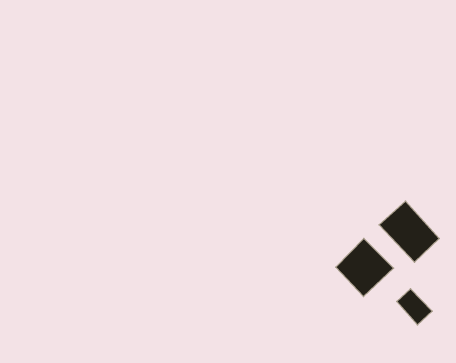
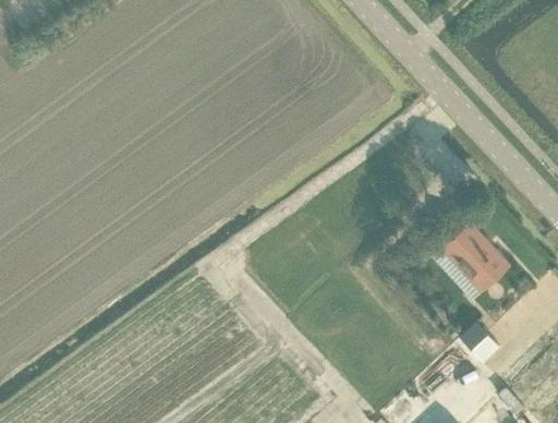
building: [336,238,393,296] -> none

